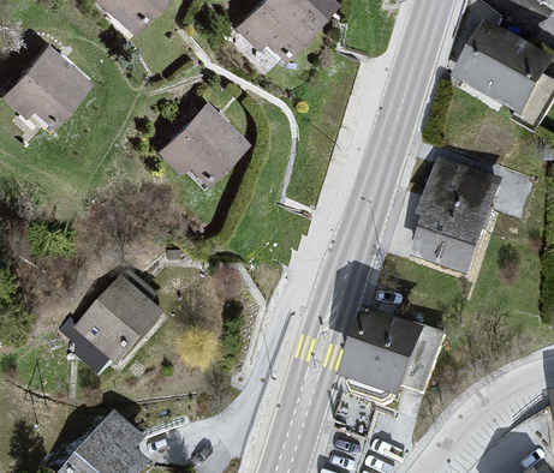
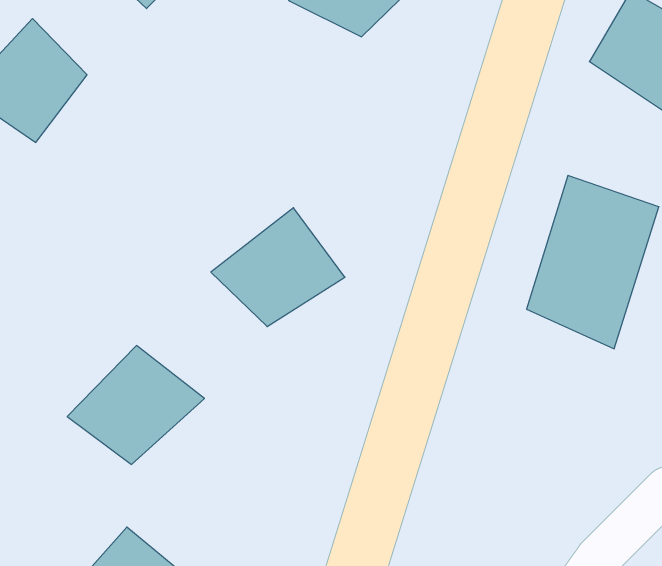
building: [149,95,246,181] -> [211,208,345,327]
building: [340,309,439,401] -> none

